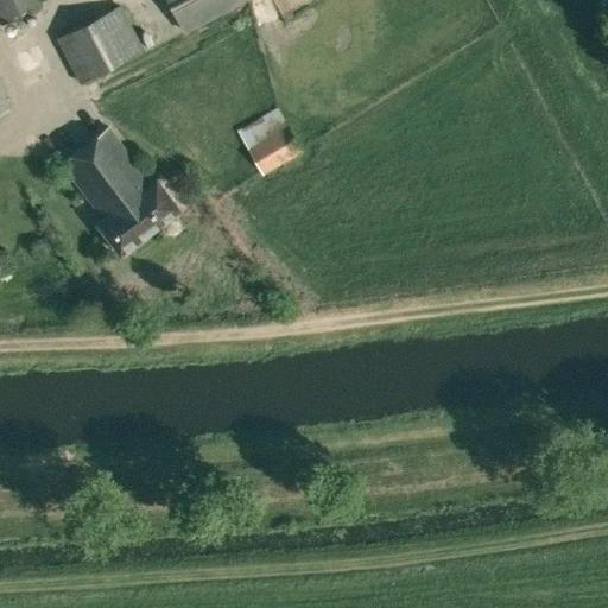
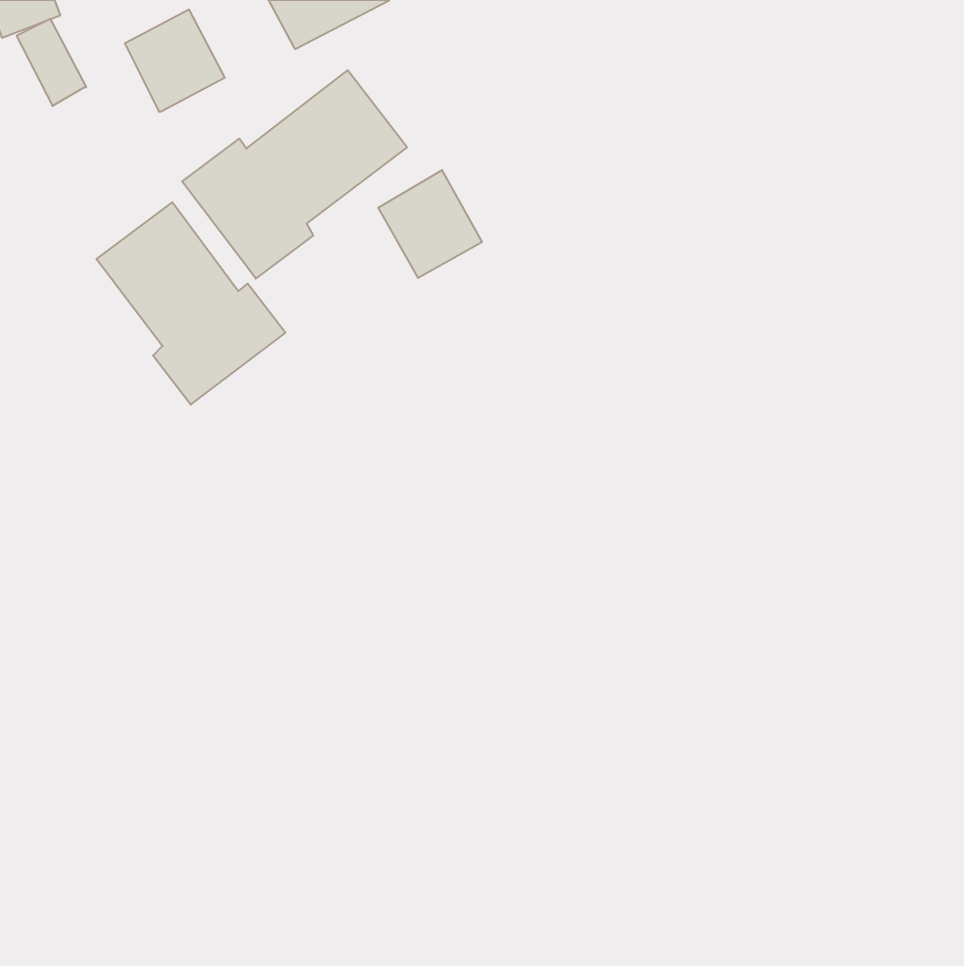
building: [57,27,101,82] -> [17,19,86,106]
building: none -> [182,70,407,279]

